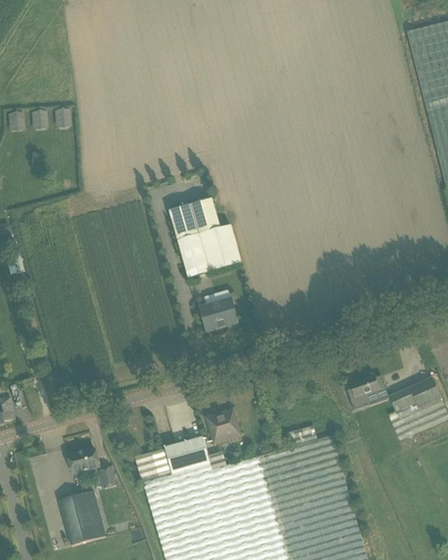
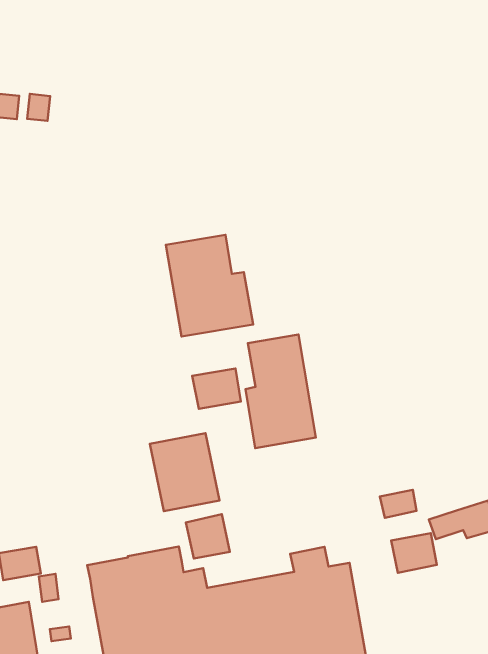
building: none -> [246,335,316,448]
building: none -> [150,433,220,511]
building: none -> [391,533,437,573]

